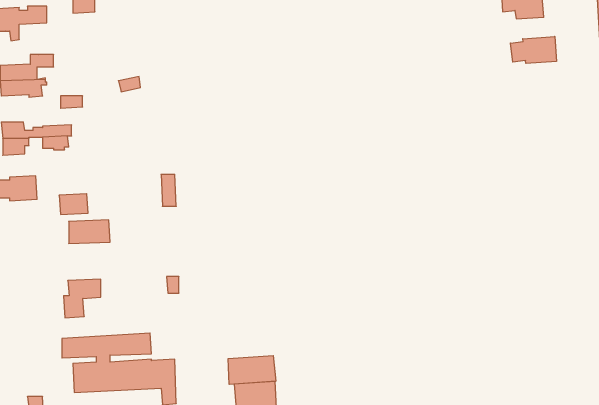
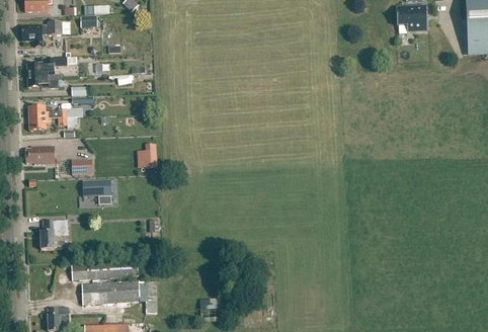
building: [510,36,556,63] -> none
building: [64,279,101,318] -> [40,221,68,249]
building: [228,356,276,384] -> none

